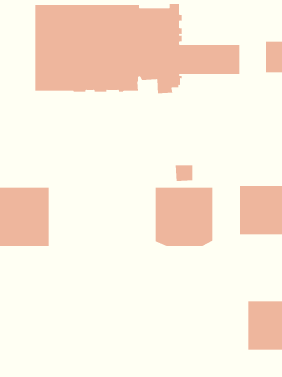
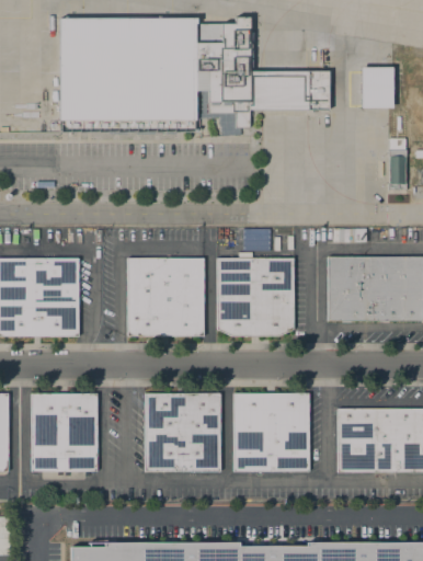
building: none -> [127,257,204,336]
building: none -> [32,393,98,471]
building: none -> [146,393,221,471]
building: none -> [235,393,310,471]

